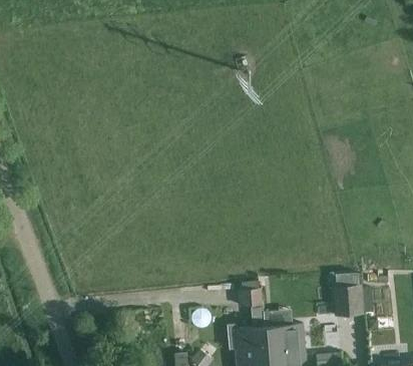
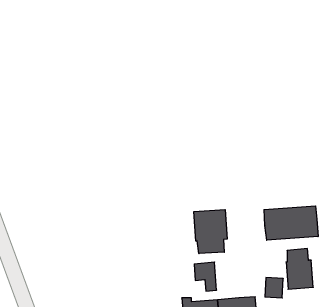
building: none -> [264,206,318,240]
building: none -> [194,210,227,254]

